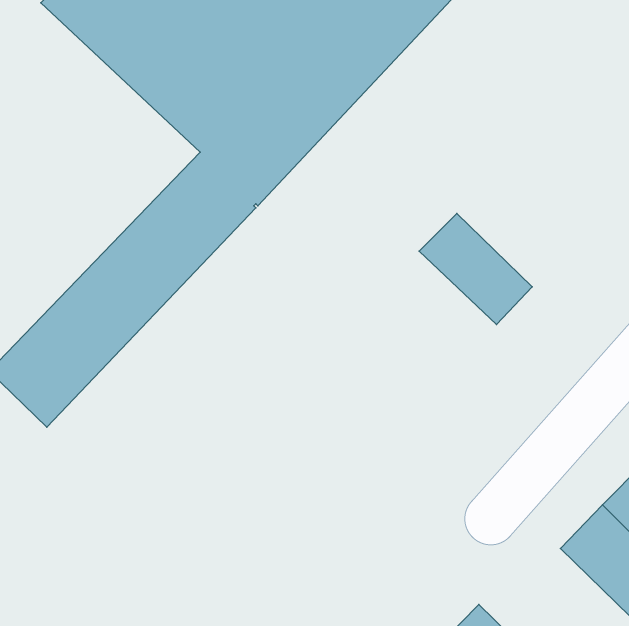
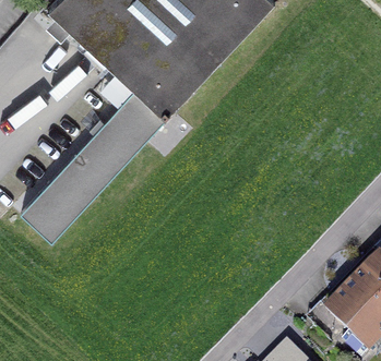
building: [419,213,532,325] -> none

